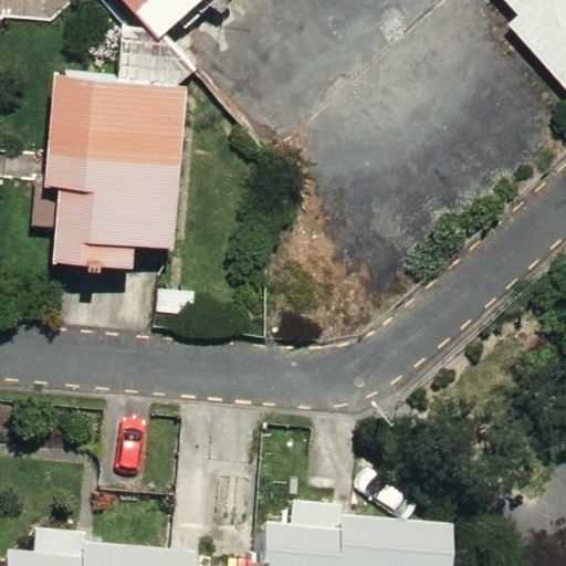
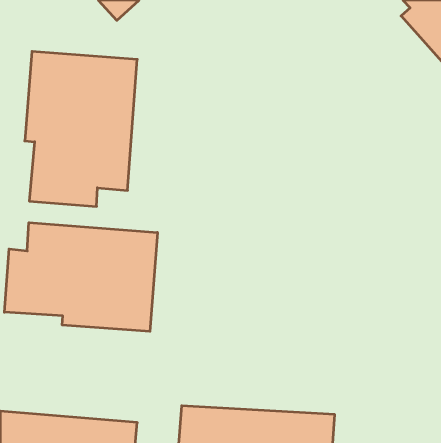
building: none -> [4,223,157,331]

